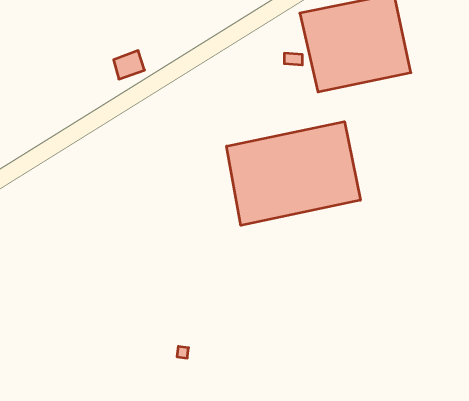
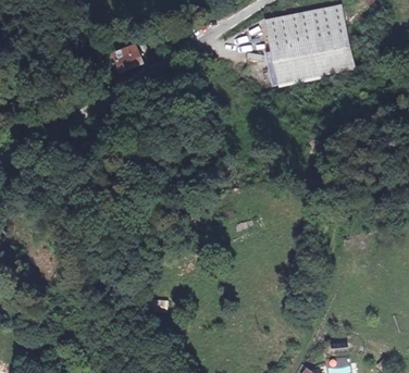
building: [227,122,360,225] -> none

